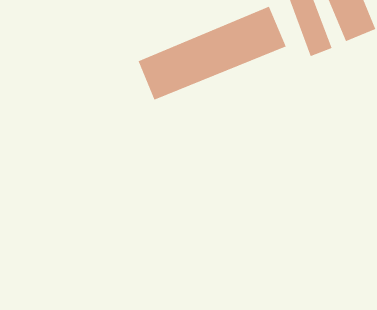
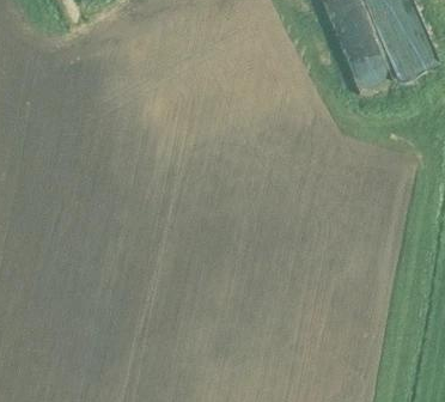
building: [138,6,286,101] -> none

